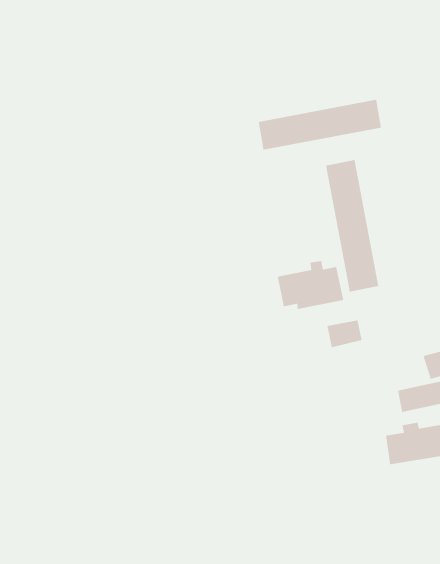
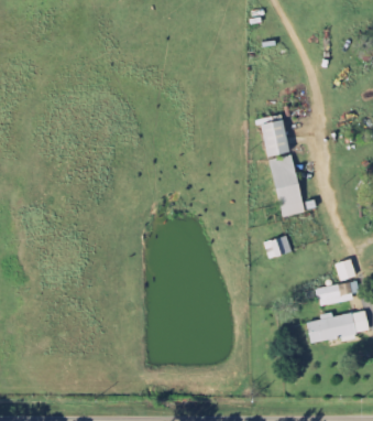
building: [258,99,382,150] -> none
building: [277,260,344,310] -> none

